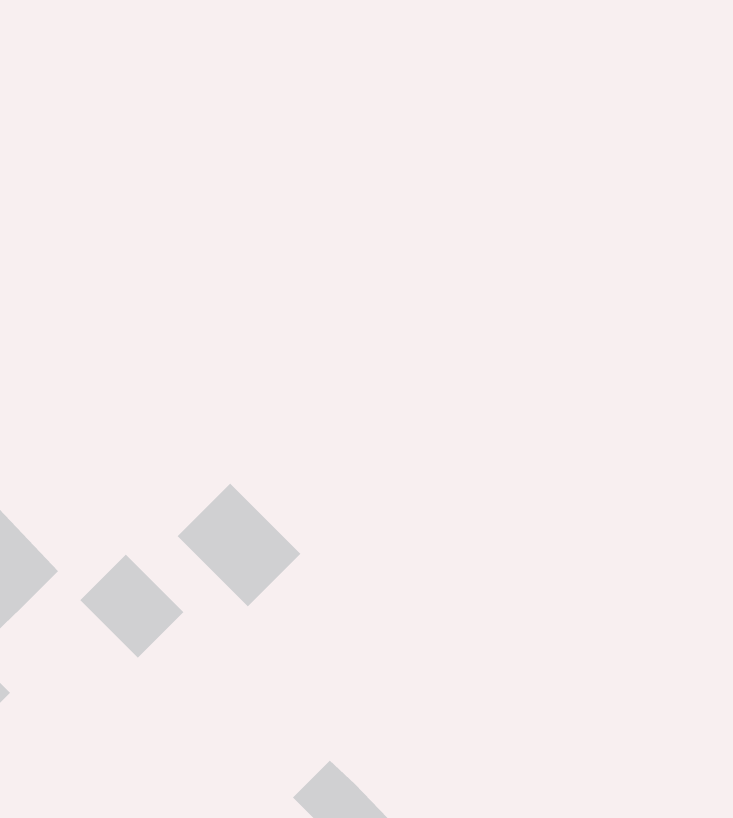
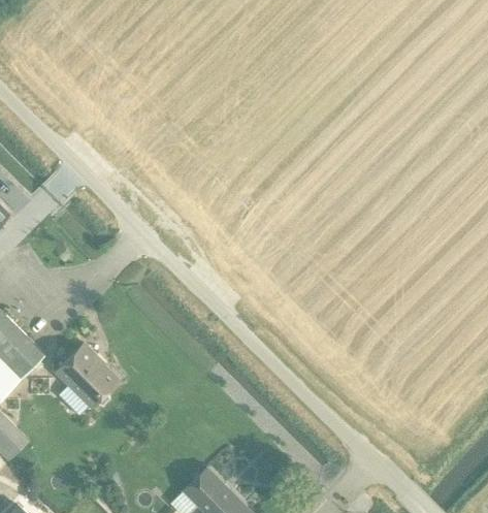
building: [177,483,301,607] -> none

